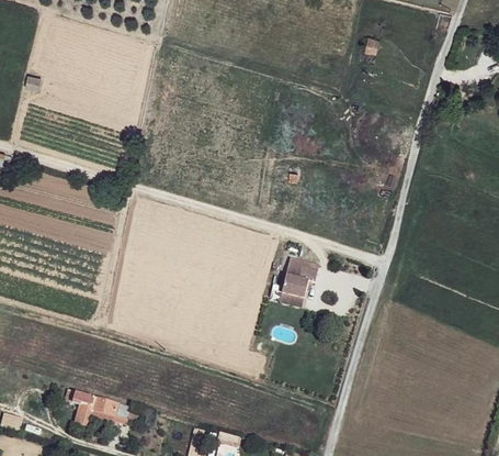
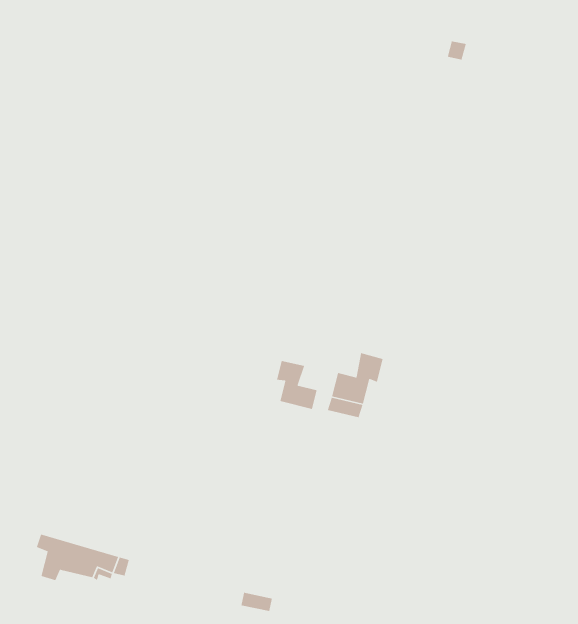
building: none -> [276,360,317,410]

